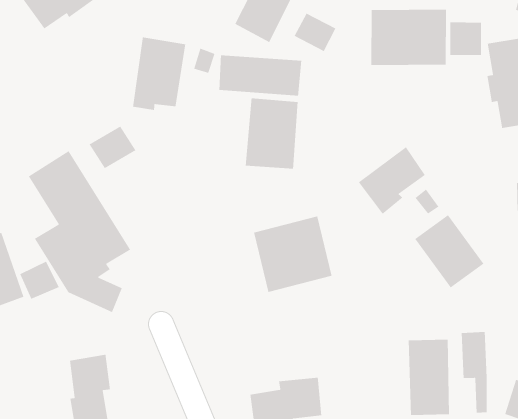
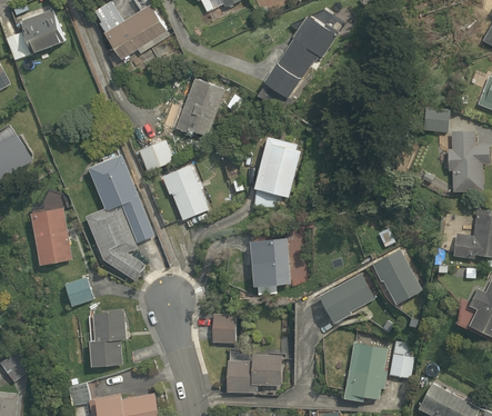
building: [371,9,447,66] -> none
building: [294,12,337,52] -> none
building: [218,54,302,97] -> none
building: [358,146,426,215] -> [321,275,373,324]
building: none -> [161,164,211,222]
building: [19,260,60,300] -> [67,278,96,306]
building: none -> [213,307,235,343]

